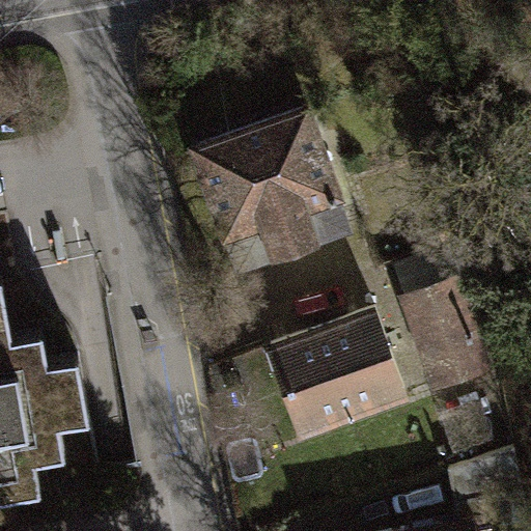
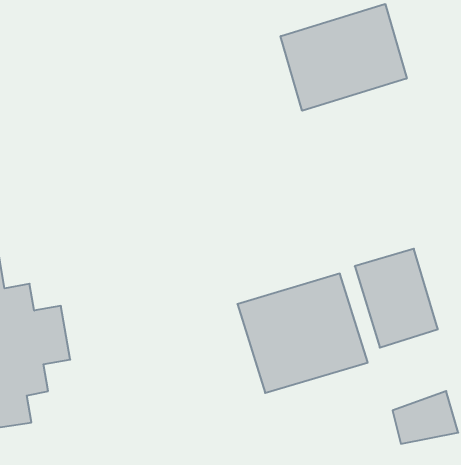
building: none -> [281,4,407,111]
building: [193,112,356,276] -> none

